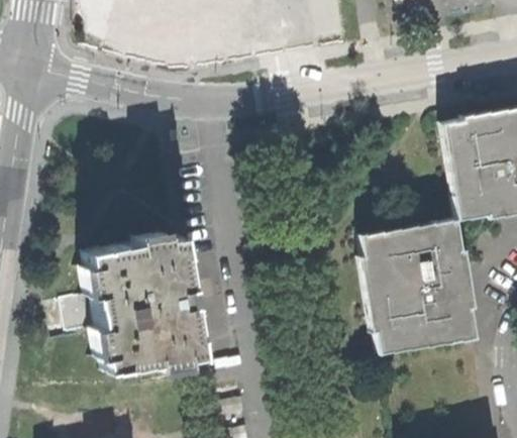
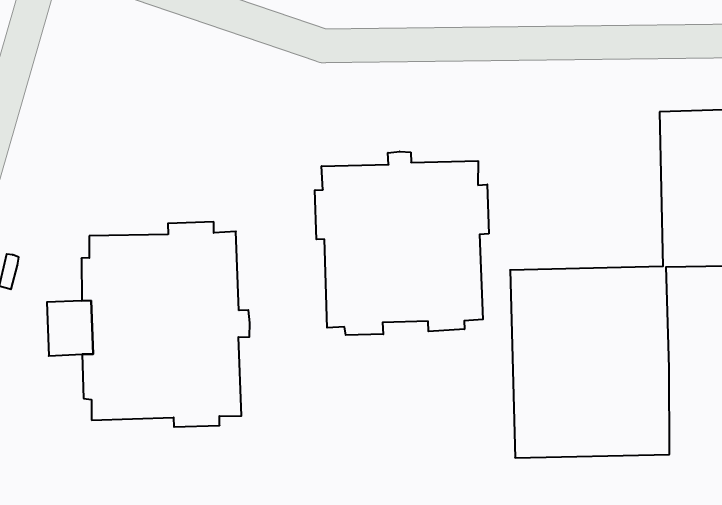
building: none -> [315,151,489,335]

